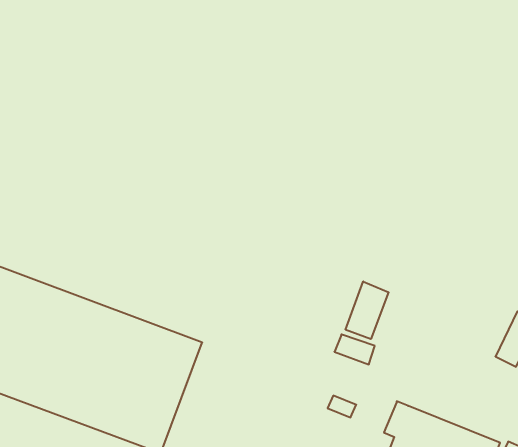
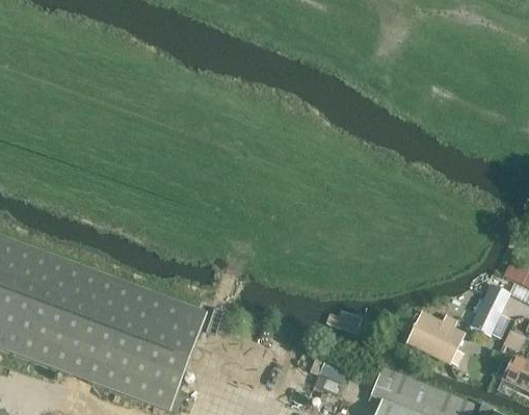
building: [346,281,389,339] -> none
building: none -> [408,312,464,360]

